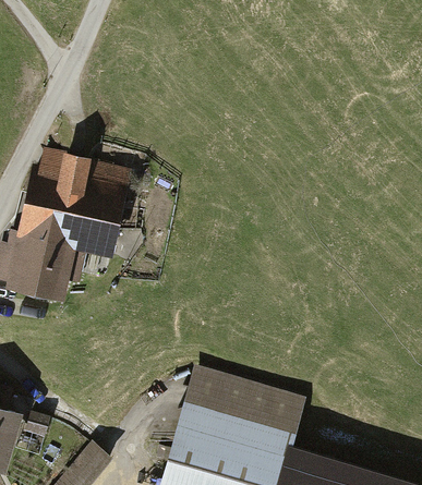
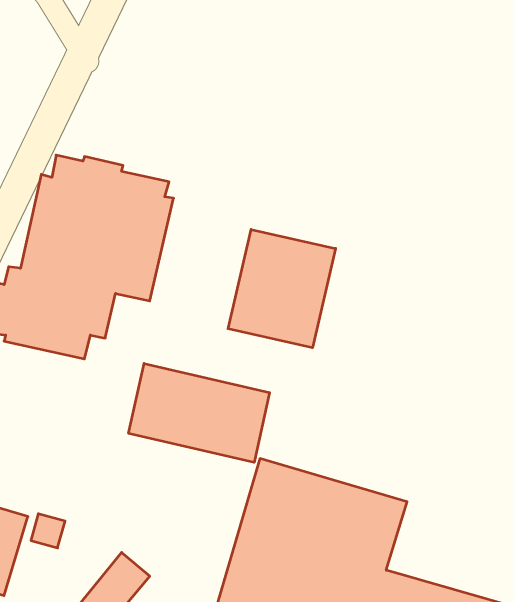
building: none -> [228,229,336,348]
building: none -> [129,363,270,462]

